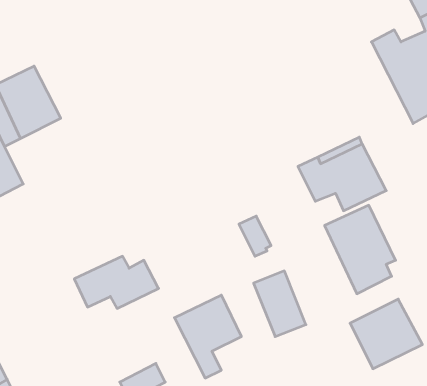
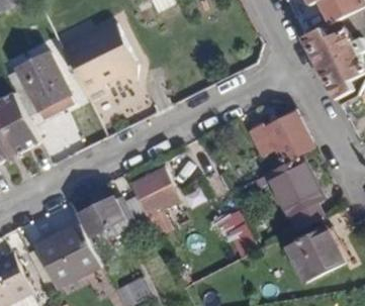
building: none -> [62,24,138,102]
building: none -> [38,224,100,286]
building: [174,295,241,378] -> [127,168,178,230]

